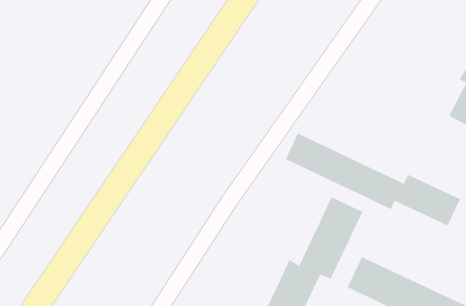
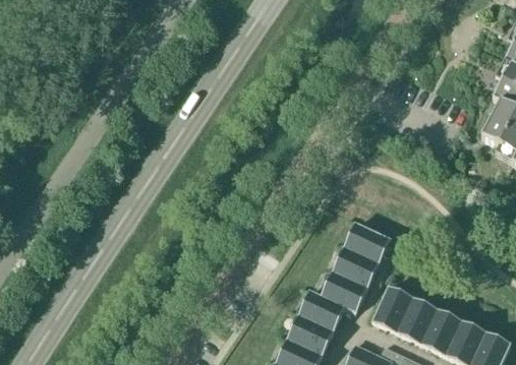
building: [285,133,461,227] -> none

